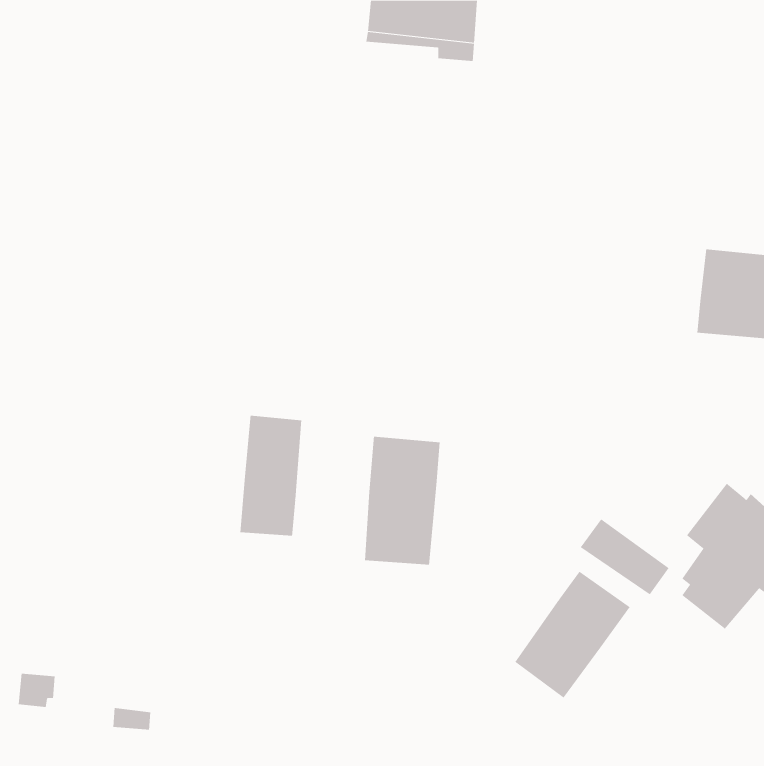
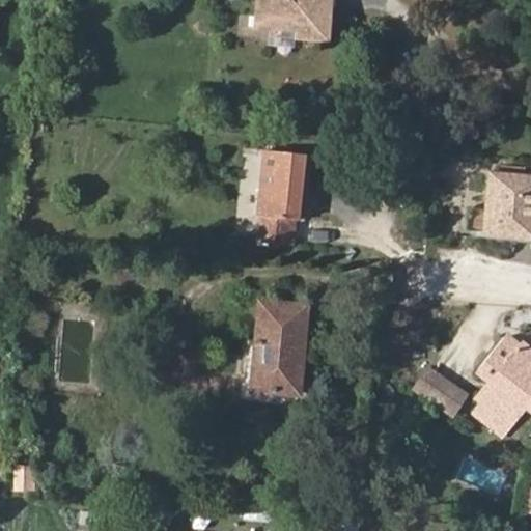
building: none -> [255,148,310,244]
building: [240,415,302,537] -> none
building: [514,571,630,698] -> none

